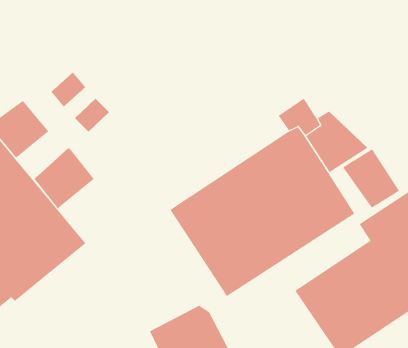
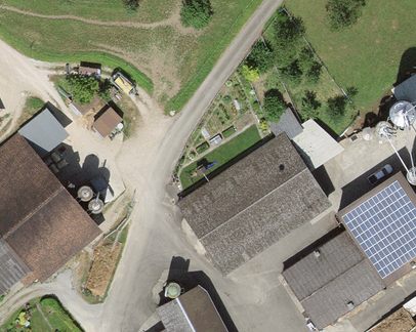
building: [34,147,94,209] -> none
building: [343,149,400,209] -> none

